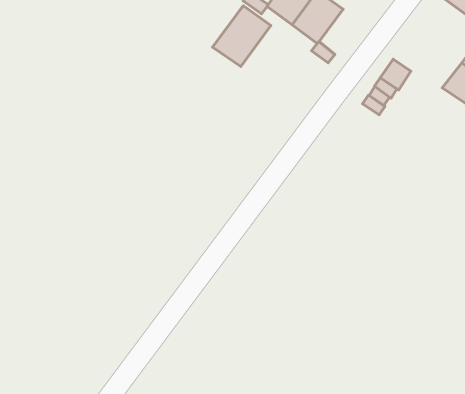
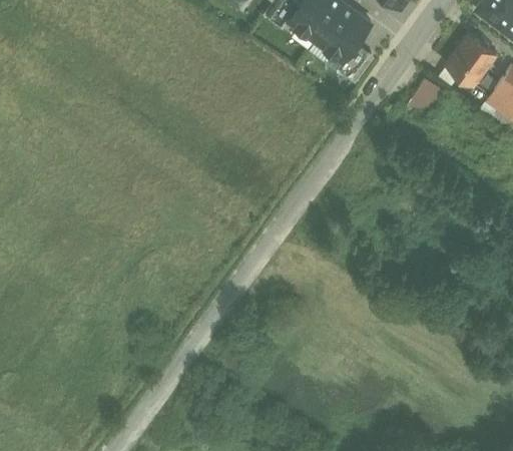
building: [212,6,271,67] -> none
building: none -> [447,32,496,84]

